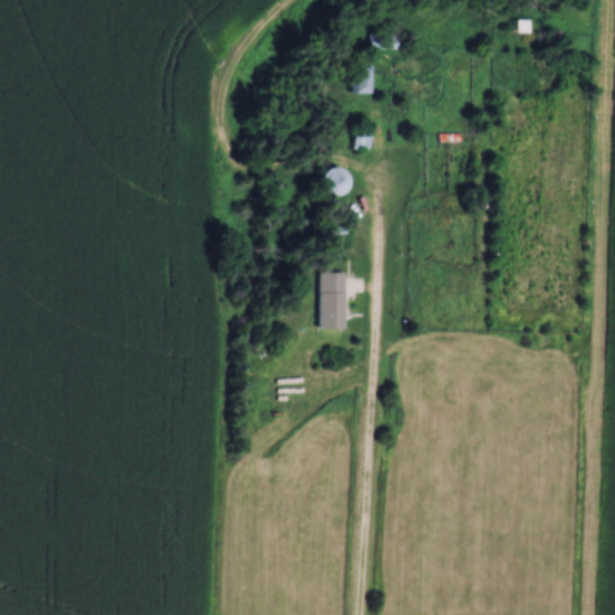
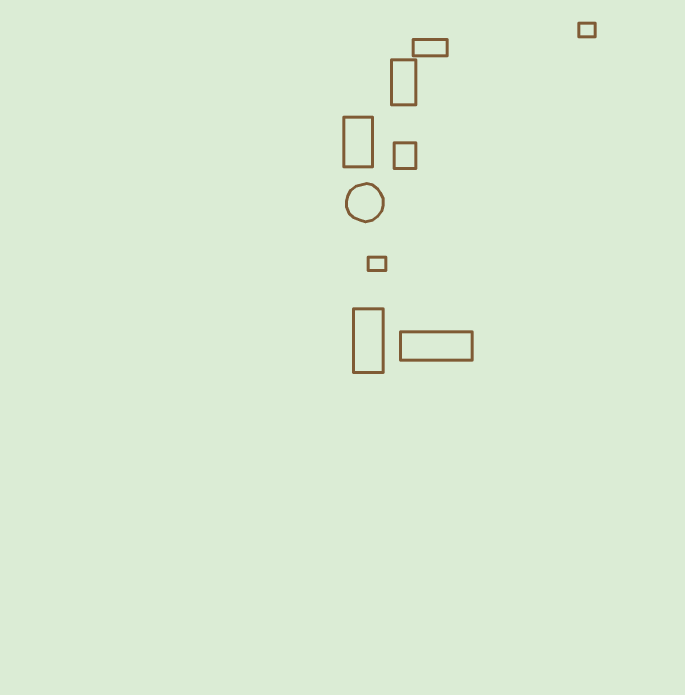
building: none -> [344,117,373,167]
building: none -> [400,332,472,360]

